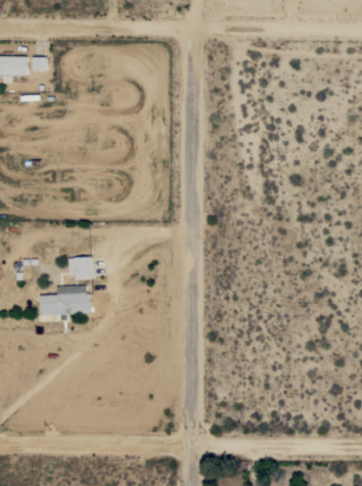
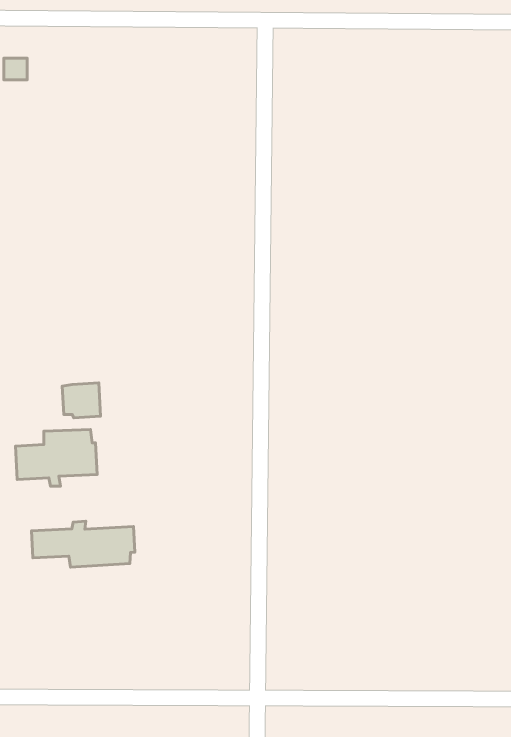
building: none -> [31,521,135,567]

